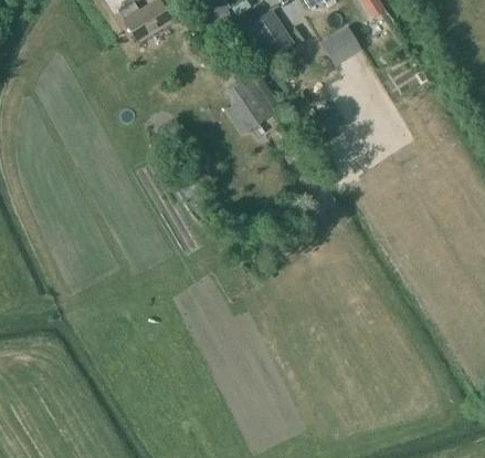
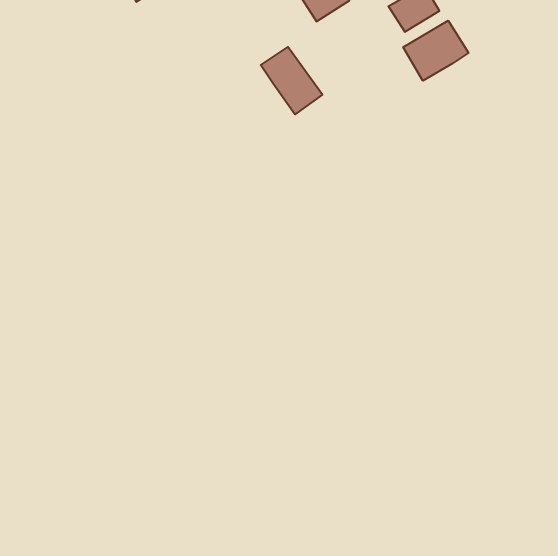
building: none -> [403,21,468,81]

